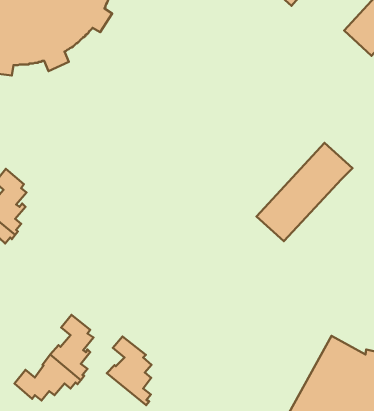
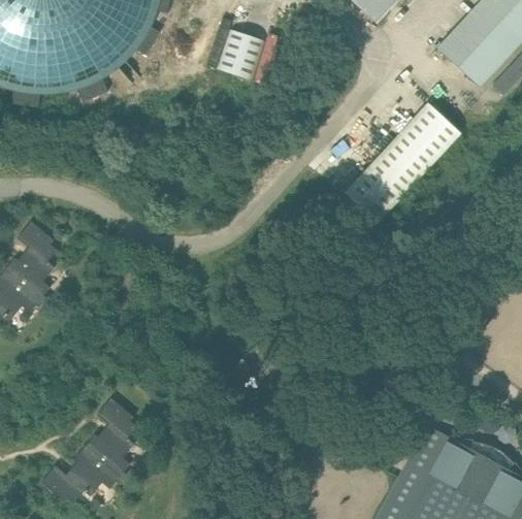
building: none -> [217,26,275,82]
building: [256,143,353,241] -> [345,102,461,222]
building: [107,336,151,405] -> none

